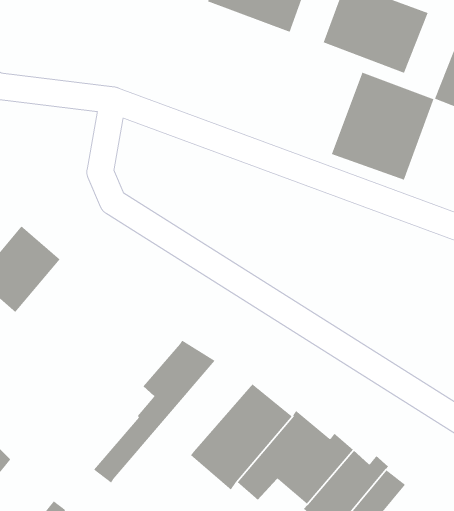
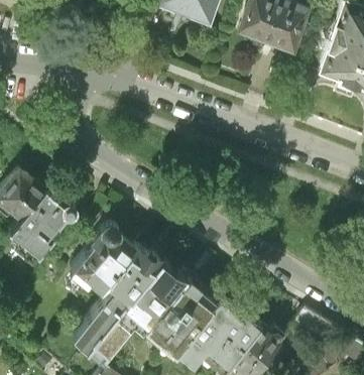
building: [331,72,434,180] -> none
building: none -> [9,186,80,262]
building: none -> [69,221,131,287]
building: none -> [85,259,184,356]

